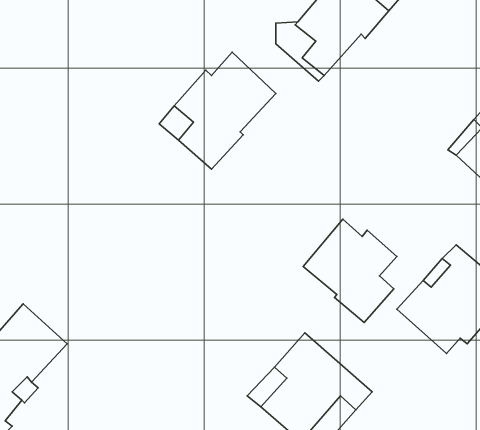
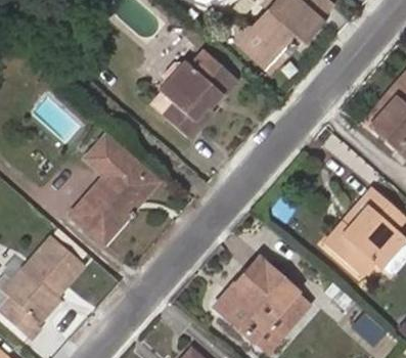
building: none -> [72,133,151,242]
building: [303,219,397,323] -> none

